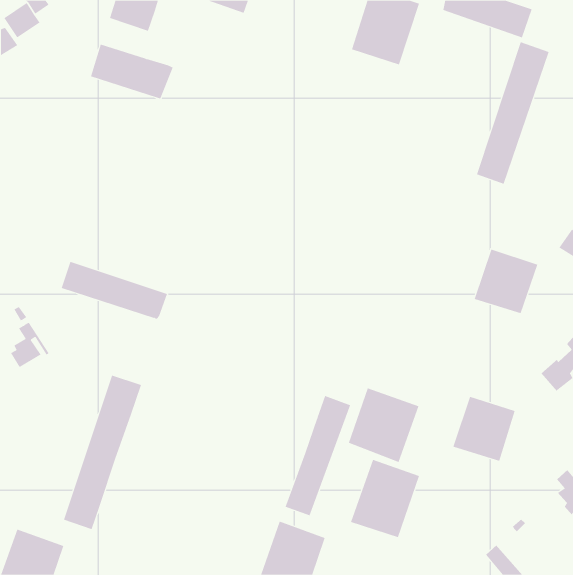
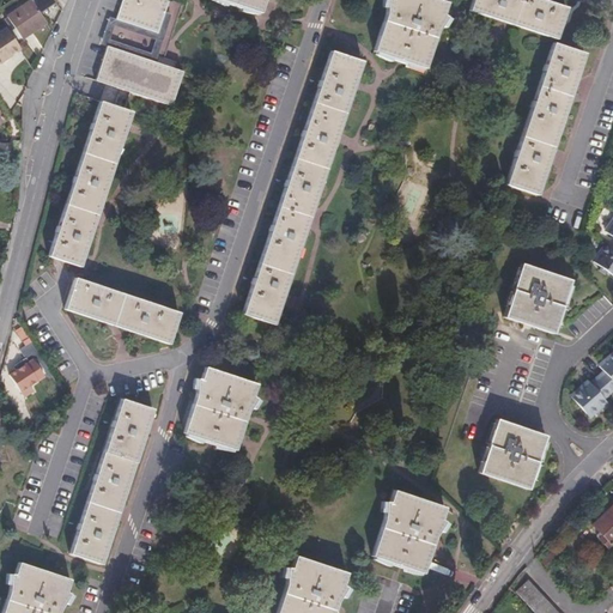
building: none -> [103,12,174,62]
building: none -> [245,54,364,322]
building: none -> [50,101,132,266]
building: none -> [184,368,256,449]
building: [348,388,419,463] -> none
building: [285,395,351,516] -> none

